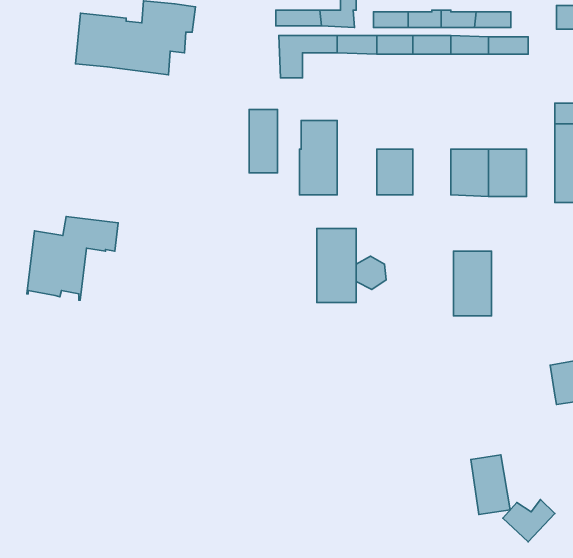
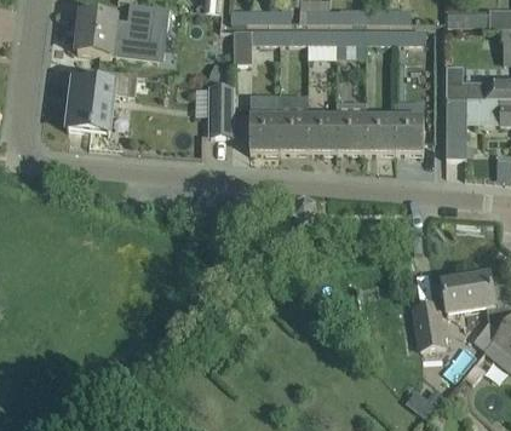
building: [27,216,118,300] -> [67,69,137,133]
building: [317,228,356,303] -> [277,94,308,151]
building: [454,251,491,316] -> [335,102,364,151]
building: [471,455,510,515] -> [413,303,443,349]

